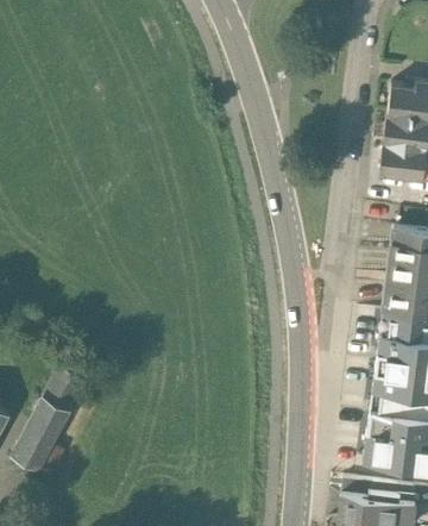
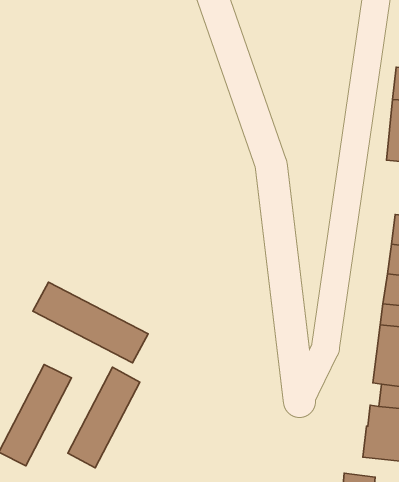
building: none -> [33,282,148,363]
building: none -> [68,367,140,468]

